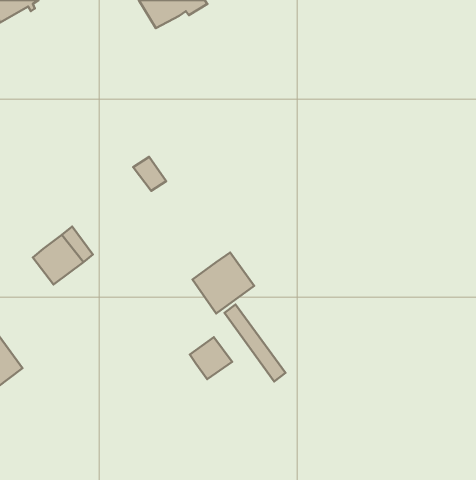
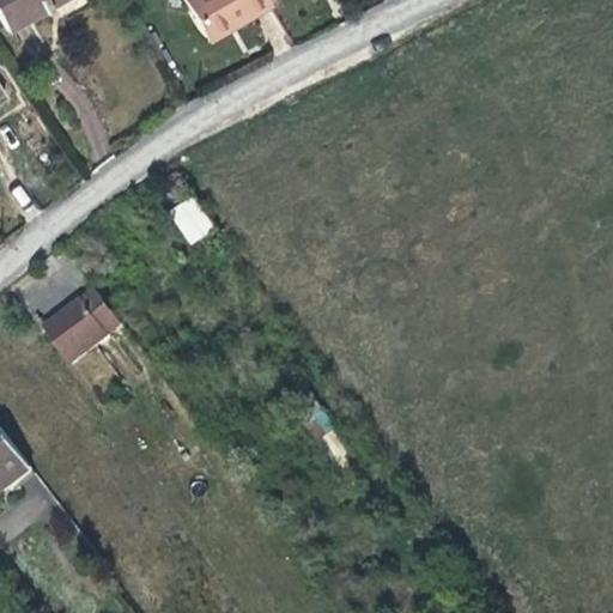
building: [193,253,254,314] -> none
building: [190,337,232,379] -> none

